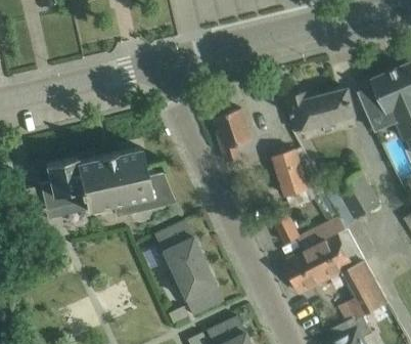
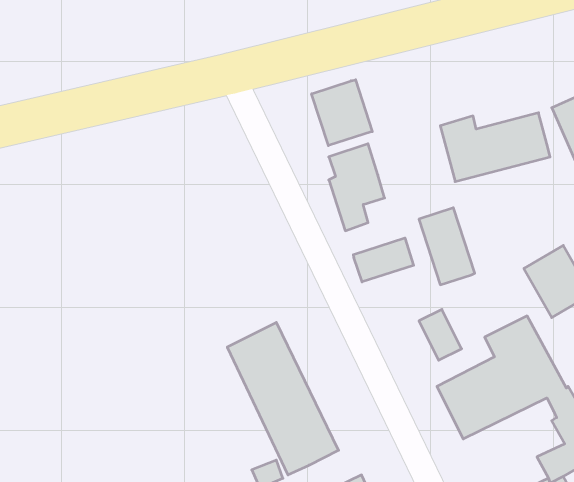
building: none -> [312,80,372,146]
building: [27,148,171,244] -> none
building: none -> [353,238,414,282]

